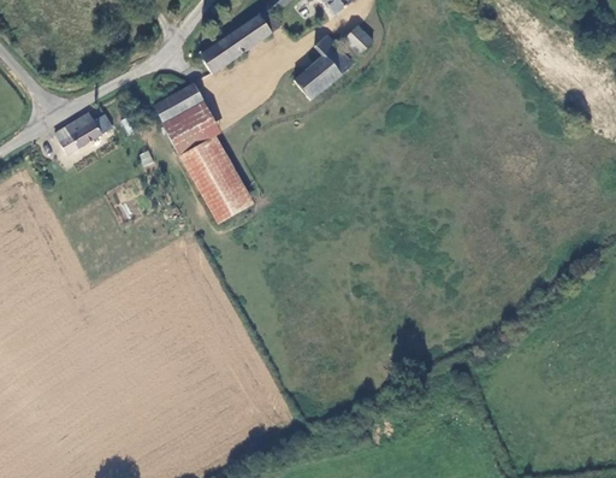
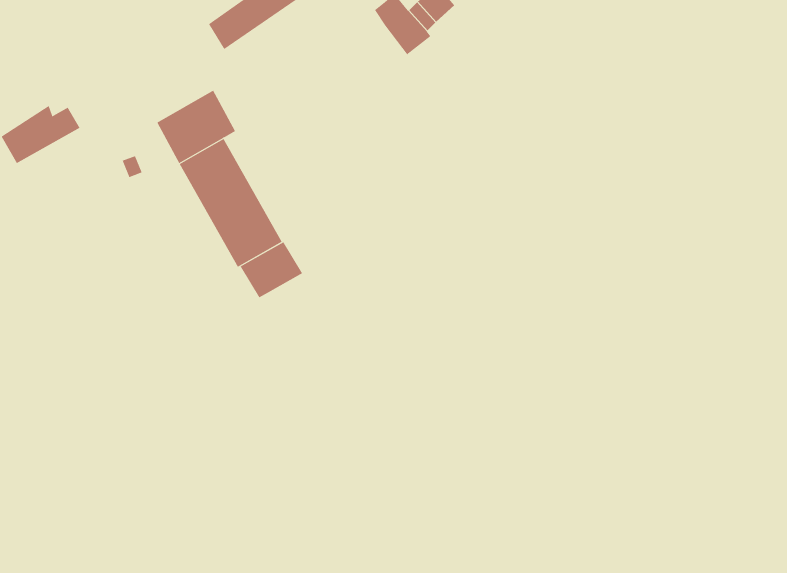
building: [294,57,338,101] -> none
building: [153,83,203,124] -> none
building: none -> [240,242,303,298]

